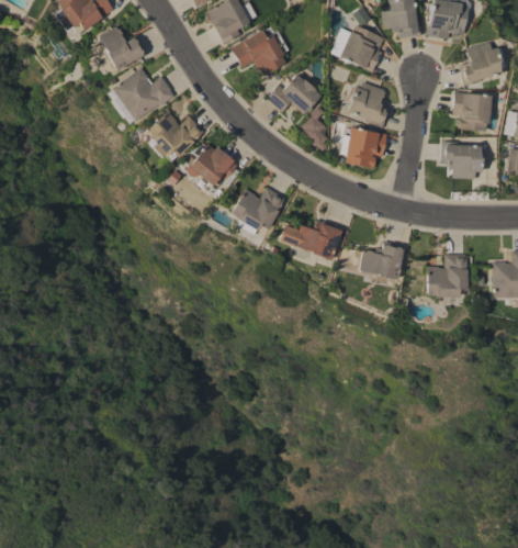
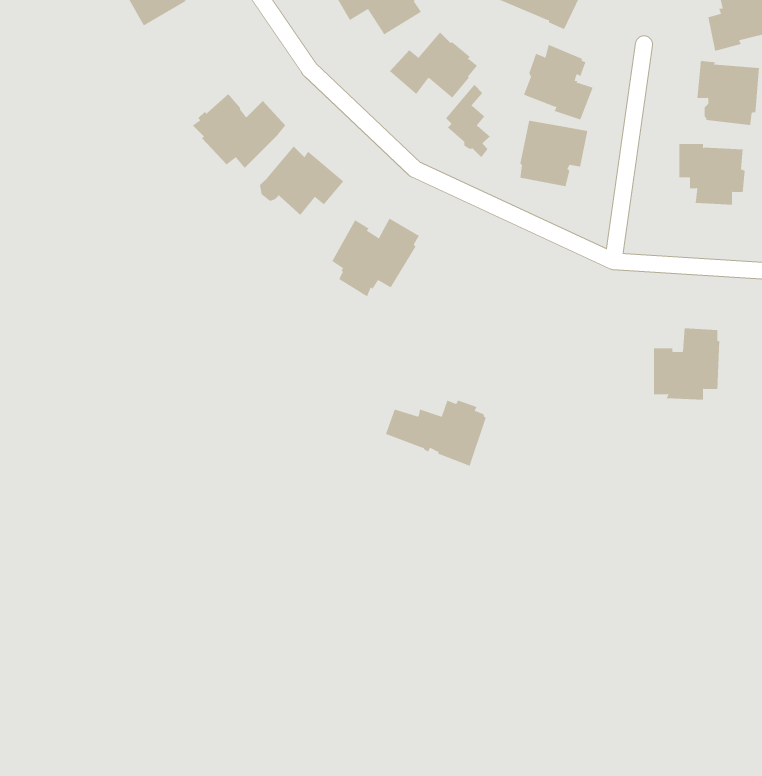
building: [113,67,174,120] -> none
building: [280,220,341,260] -> [385,400,486,467]
building: [360,241,403,279] -> none

